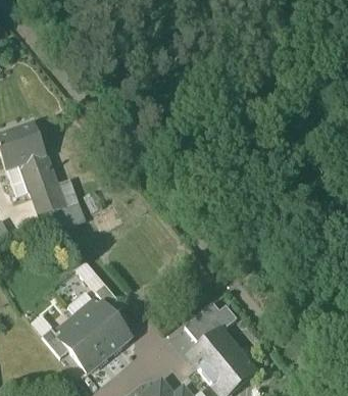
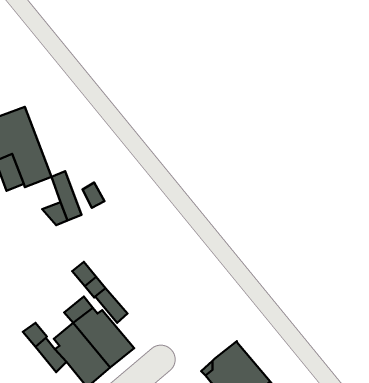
building: [32,185,63,216] -> none
building: [184,303,236,346] -> none

